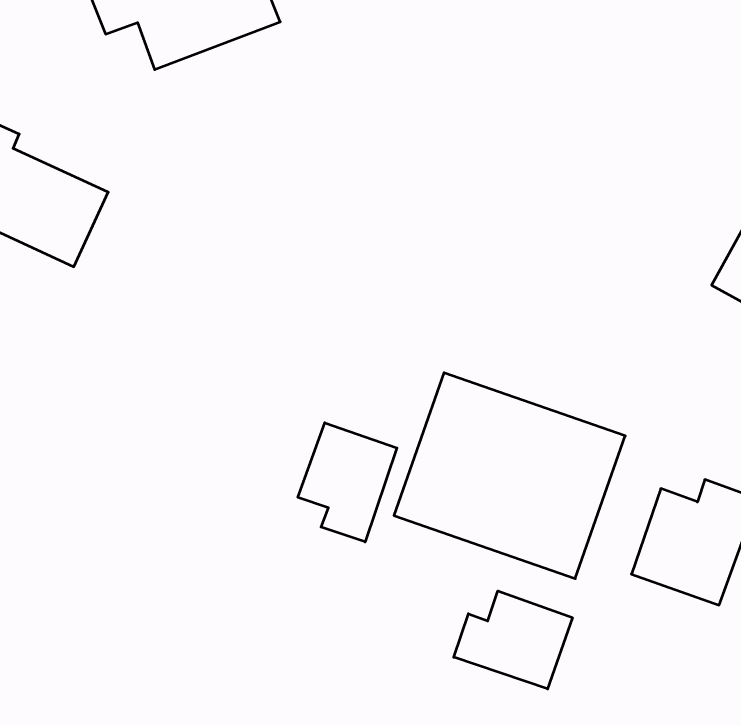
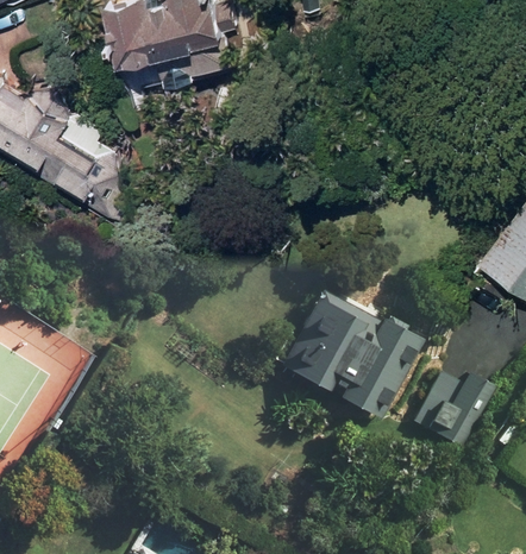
building: [298,423,397,542] -> none
building: [454,591,572,689] -> none

